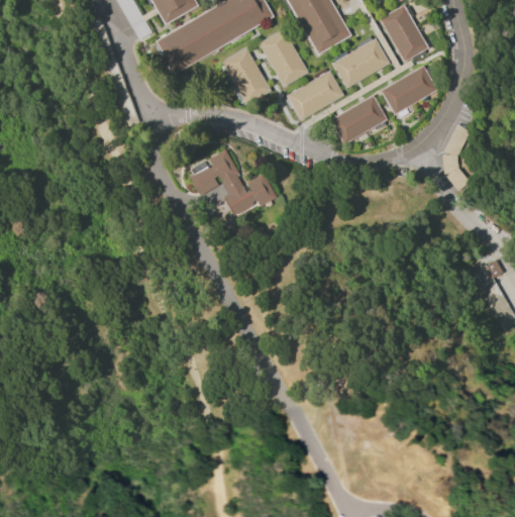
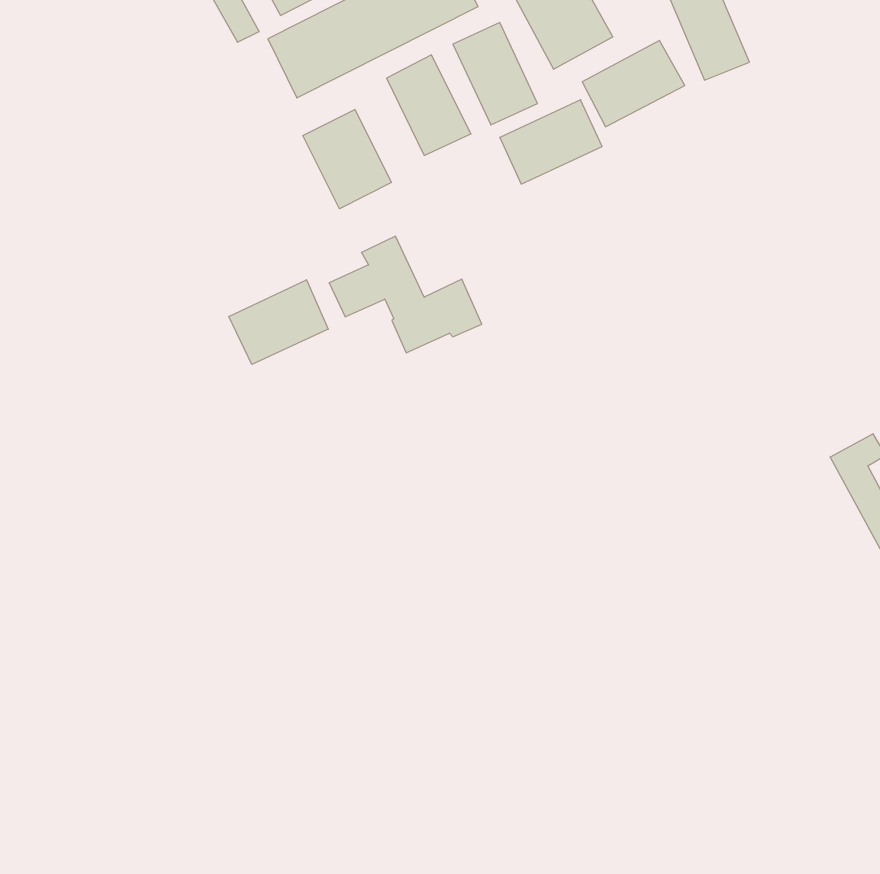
building: [381,66,437,113] -> none
building: none -> [303,109,391,209]
building: [330,95,387,142] -> none
building: none -> [229,280,328,364]

